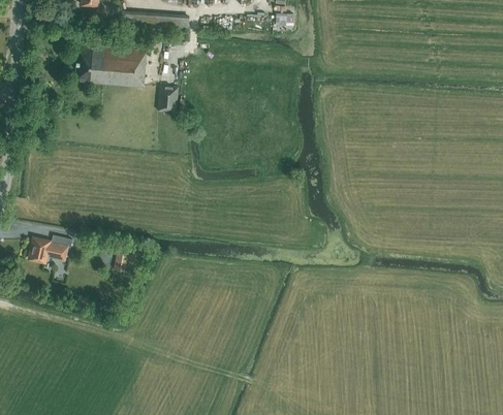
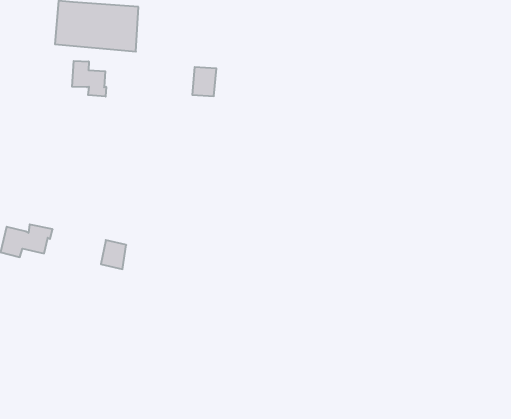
building: [157,86,178,110] -> [192,67,216,96]
building: none -> [72,61,106,97]

